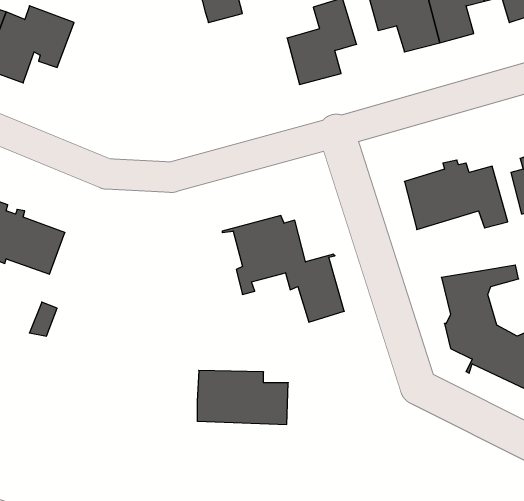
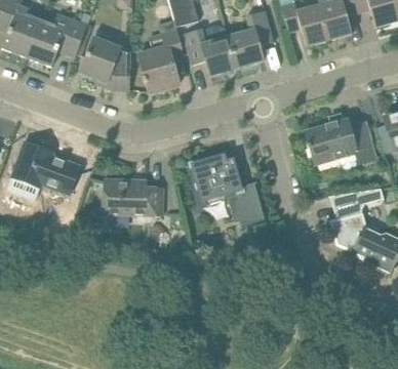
building: none -> [137,19,184,92]
building: none -> [183,26,236,76]
building: none -> [80,29,129,89]
building: [197,370,288,424] -> [103,179,163,215]

